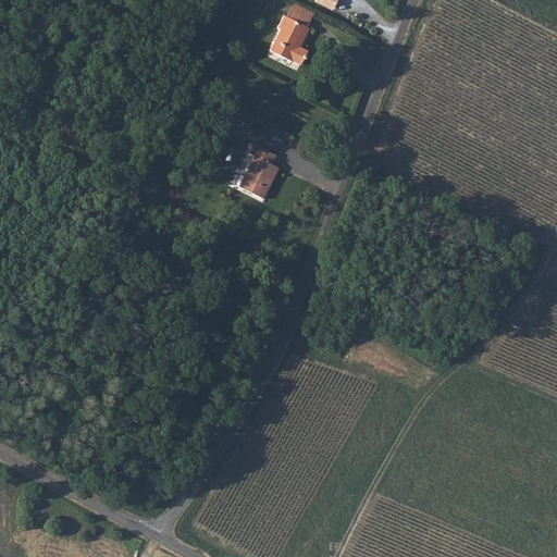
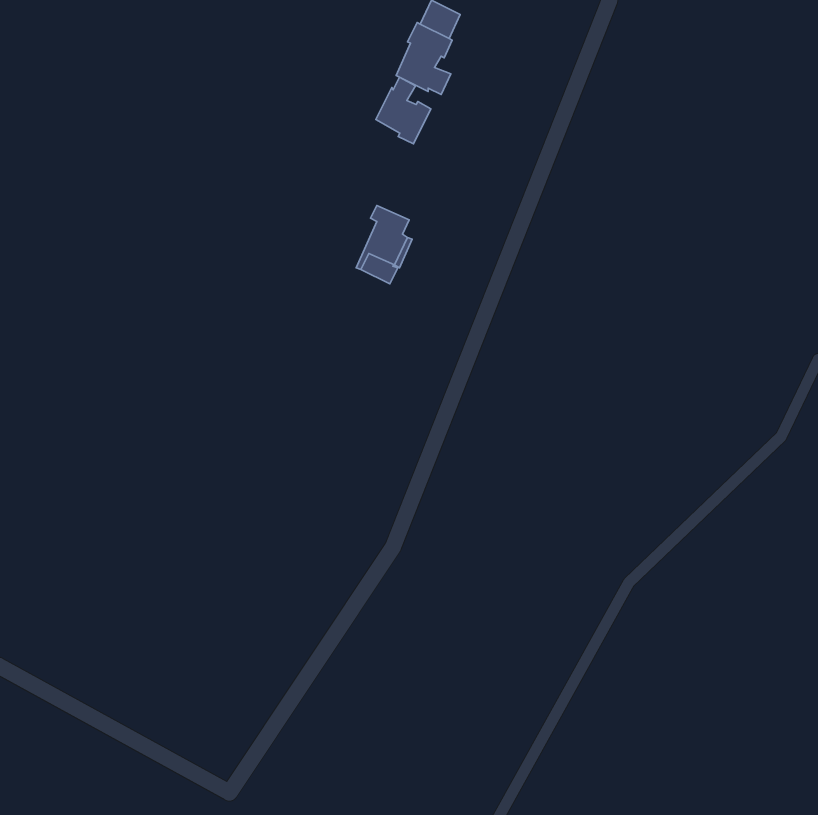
building: none -> [376,77,431,144]

